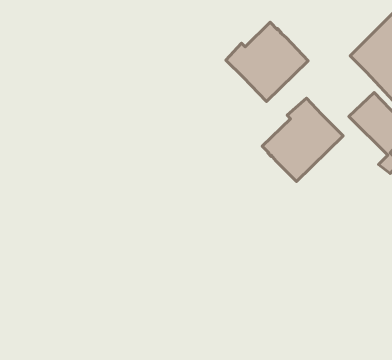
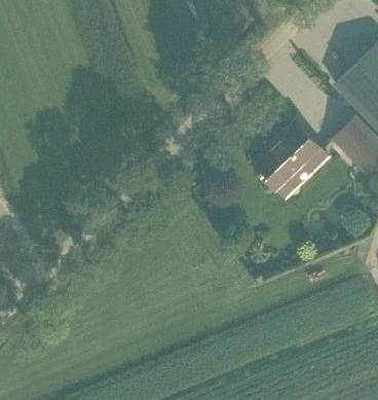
building: [226,22,308,101] -> none

